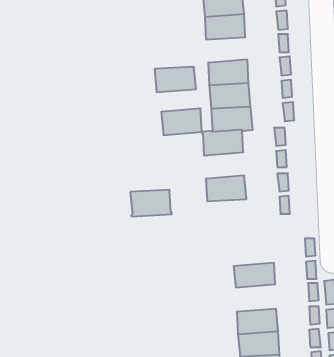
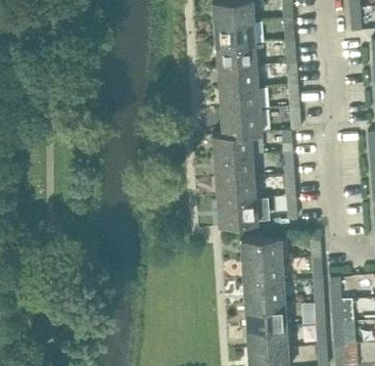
building: [155,67,196,92] -> [217,45,256,70]
building: [161,109,202,135] -> [215,155,253,181]
building: [130,190,172,216] -> [218,200,257,226]
building: none -> [241,238,282,265]
building: none -> [245,282,284,309]

